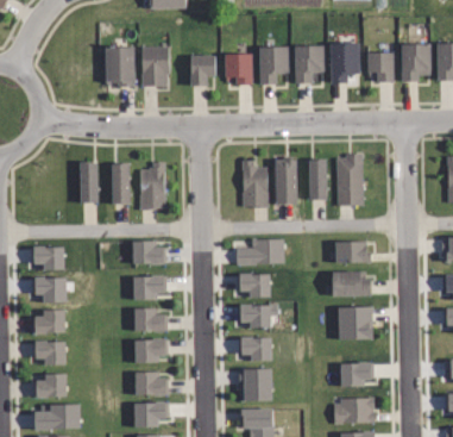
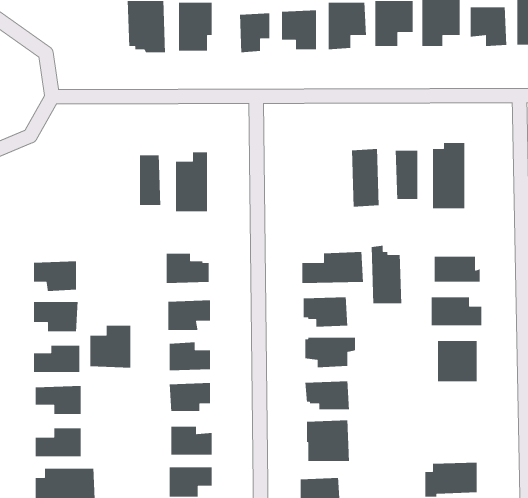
building: [244,161,268,206] -> [371,245,402,304]
building: [80,163,96,202] -> none
building: none -> [89,325,131,369]
building: [335,363,365,387] -> none

